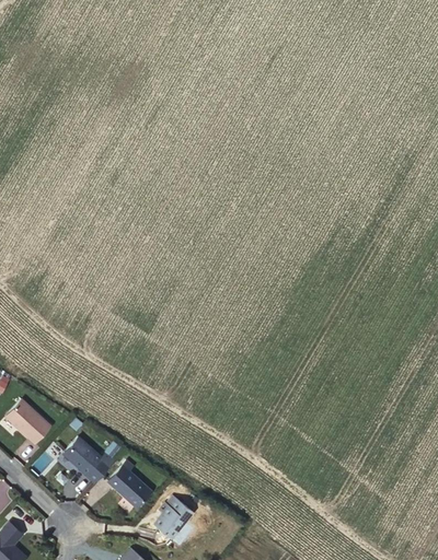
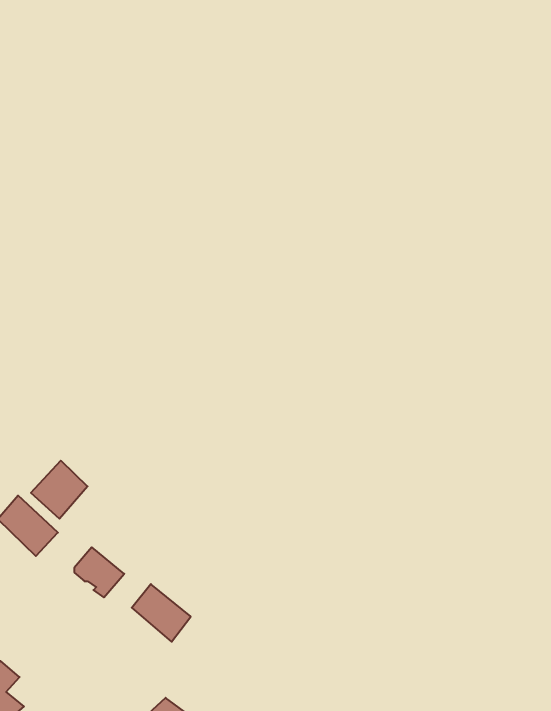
building: none -> [31,461,88,519]
building: [155,497,195,538] -> none

